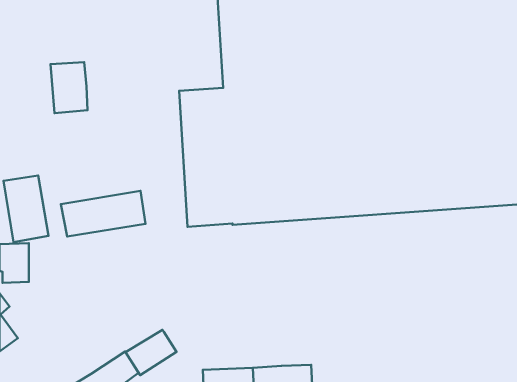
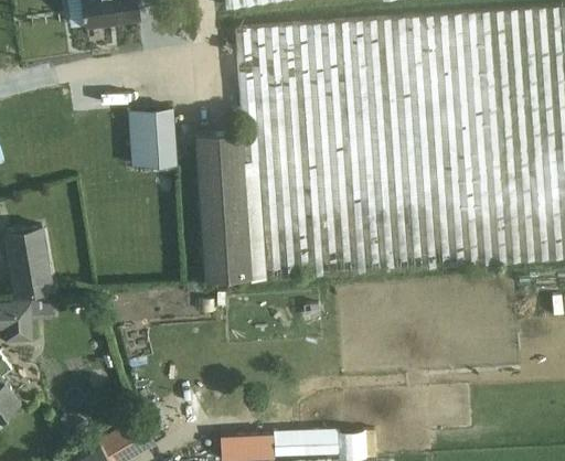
building: [51,62,87,113] -> [128,110,168,165]
building: [61,191,146,237] -> none
building: [126,330,176,375] -> none

